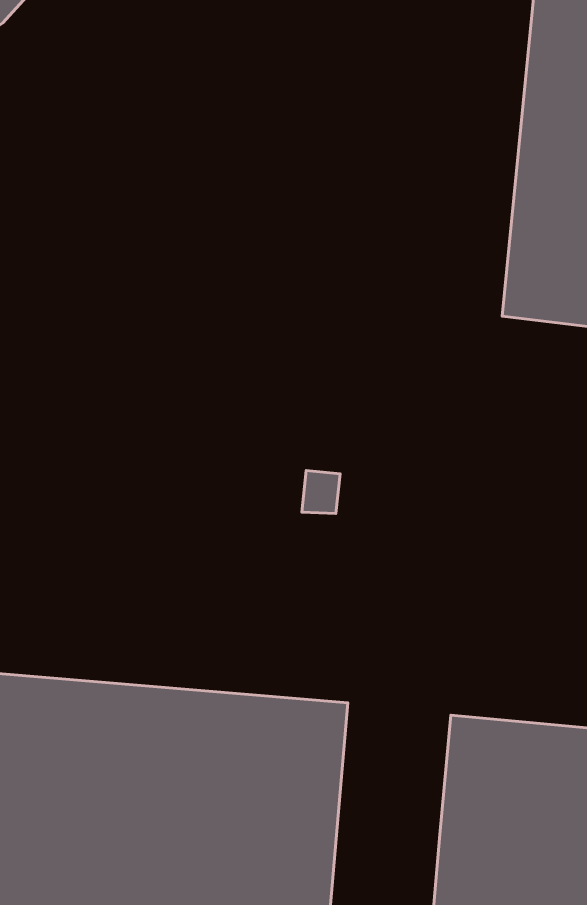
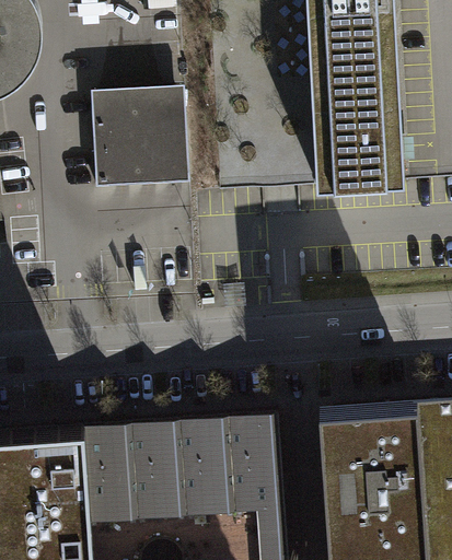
building: none -> [91,86,190,190]

